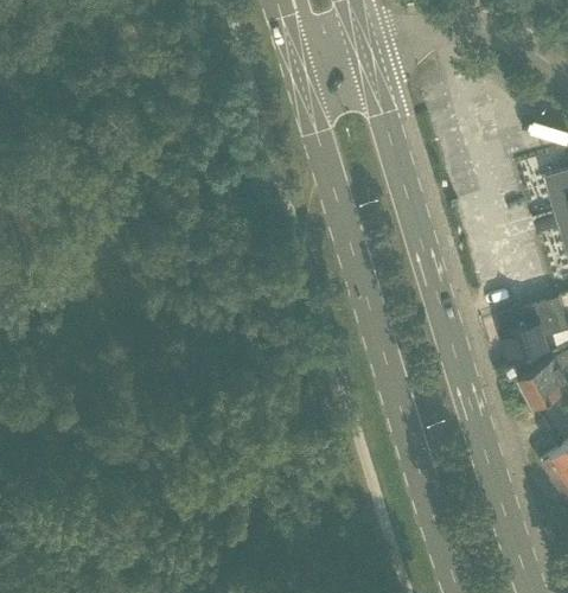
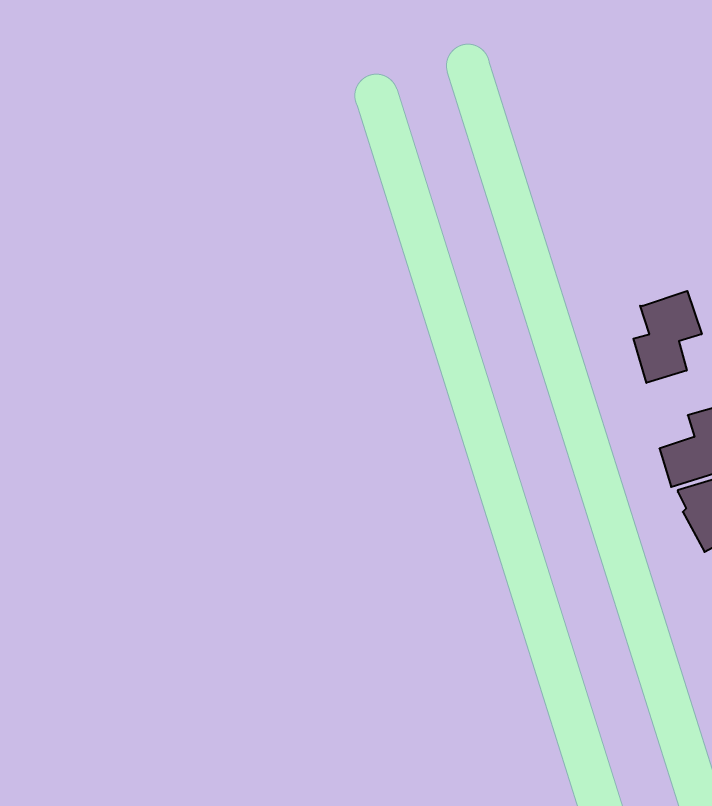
building: none -> [633,291,702,383]

